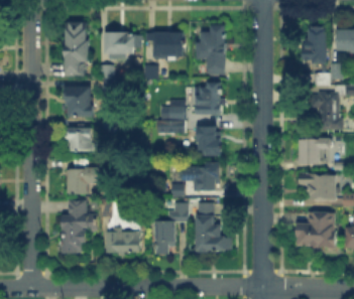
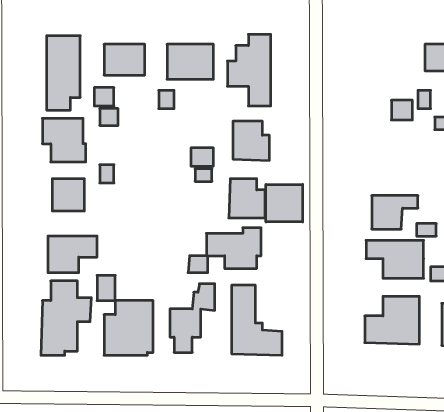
building: [302,24,328,66] -> none
building: [312,95,343,133] -> none
building: none -> [266,184,303,222]

